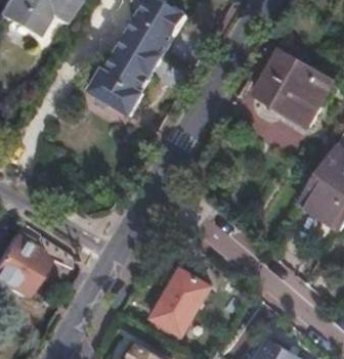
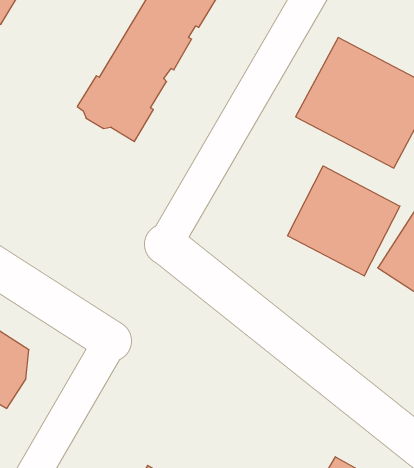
building: none -> [288,166,400,276]
building: [150,267,211,334] -> none

